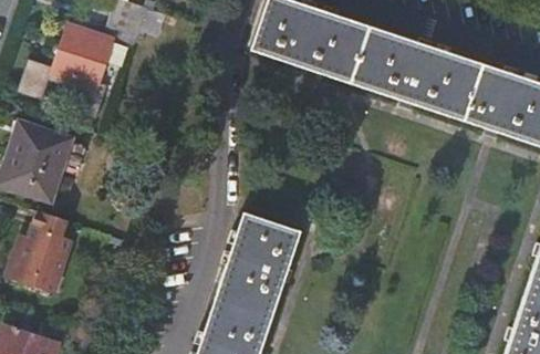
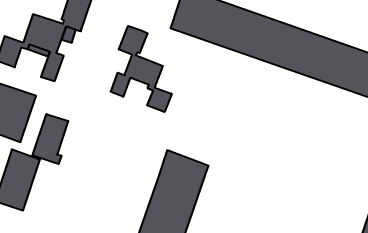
building: none -> [111,26,172,112]
building: none -> [33,114,68,164]

